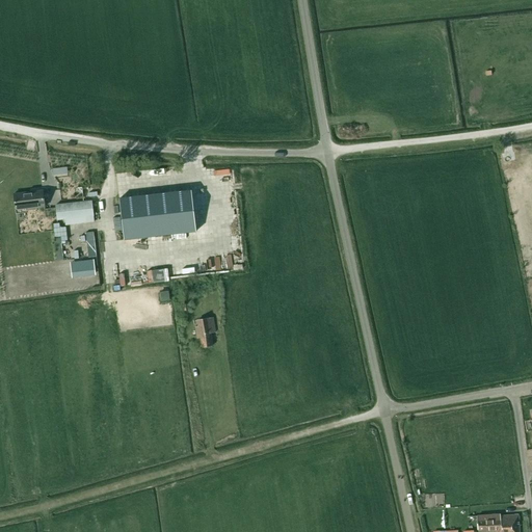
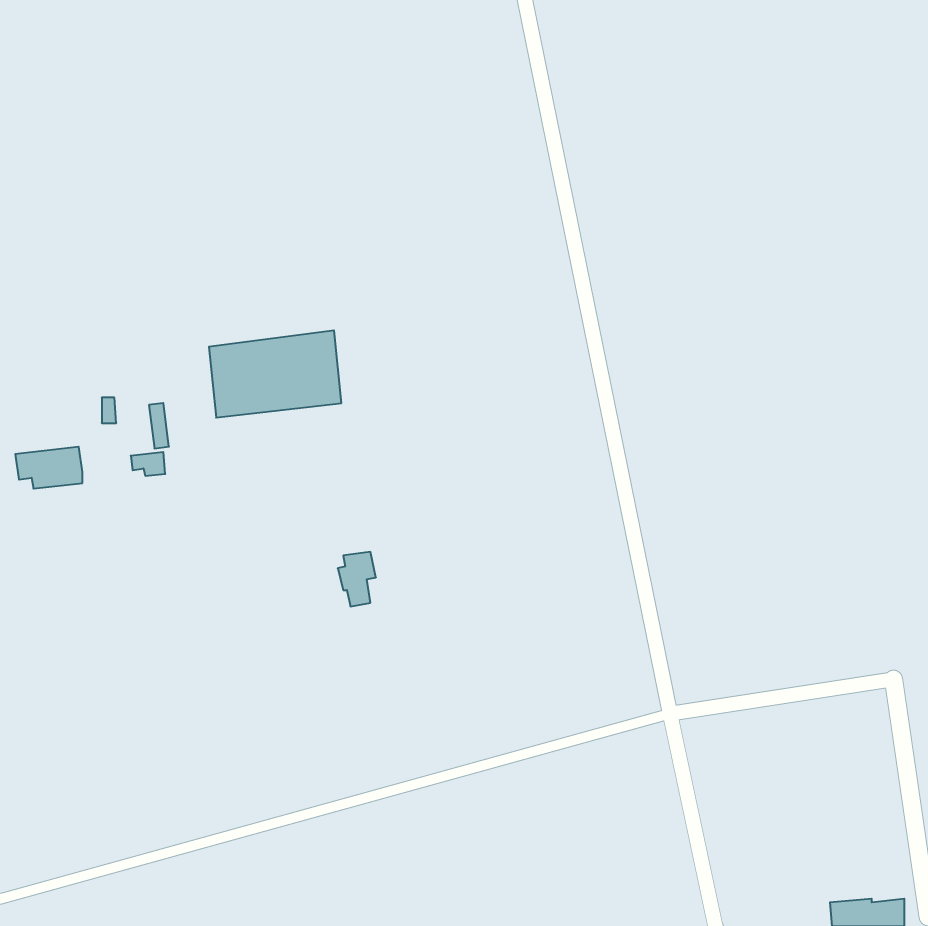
building: [14,189,44,208] -> none
building: [54,201,92,224] -> [15,447,82,489]

